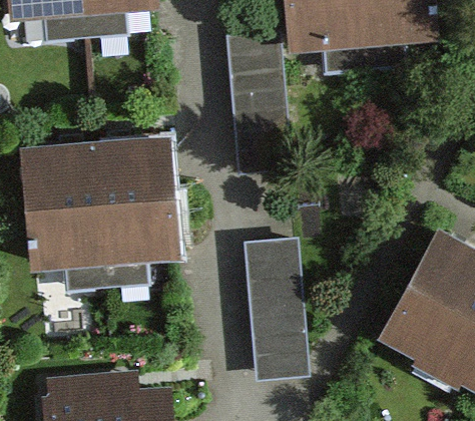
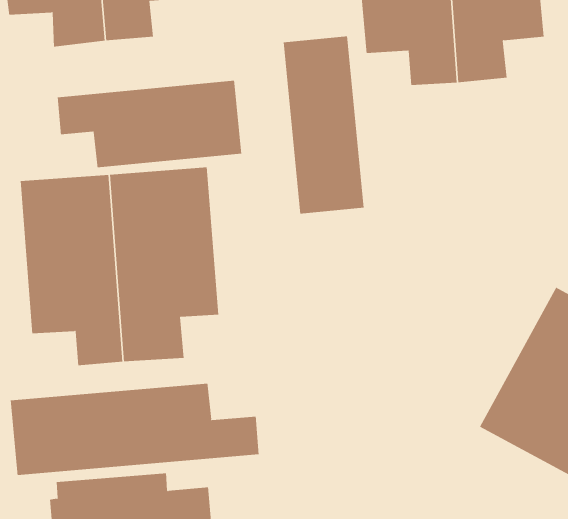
building: none -> [57,80,242,168]
building: [245,241,308,384] -> none
building: none -> [10,383,259,476]

